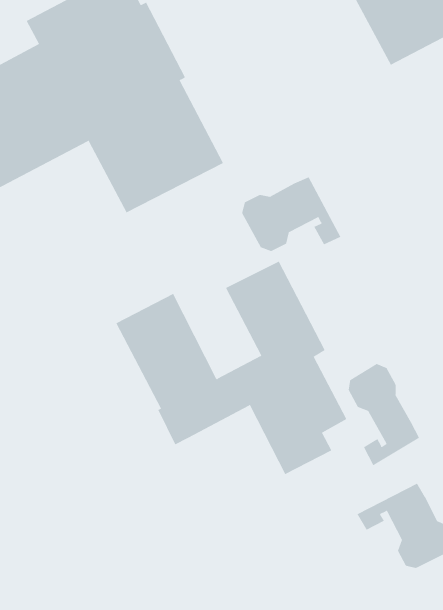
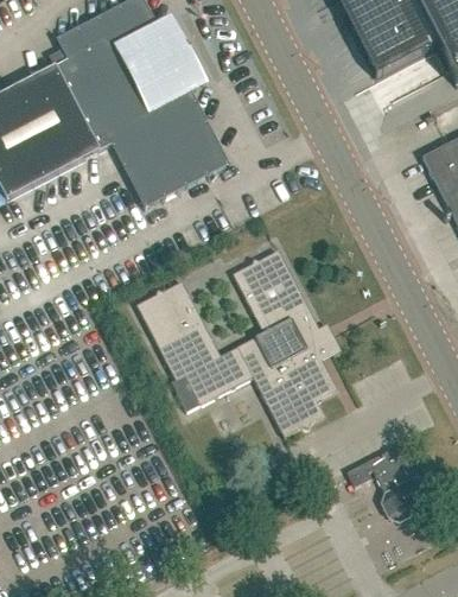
building: [242,176,341,252] -> none
building: [348,363,420,466] -> none

